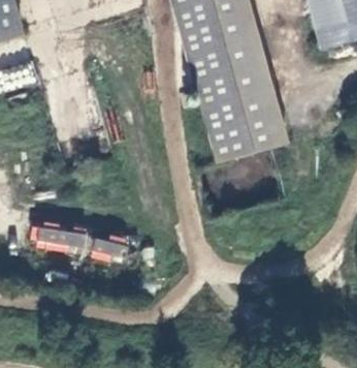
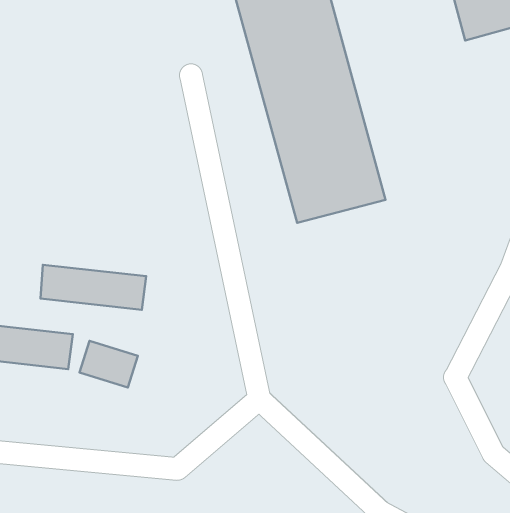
building: none -> [40,265,146,310]

